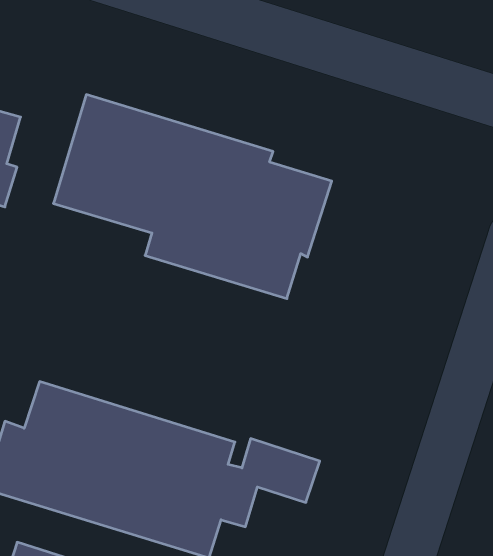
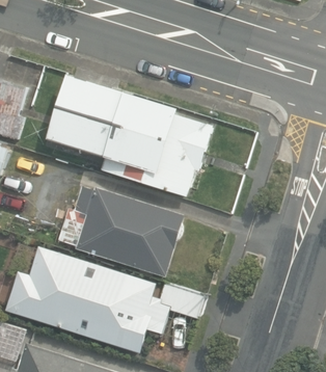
building: none -> [57,185,184,277]

